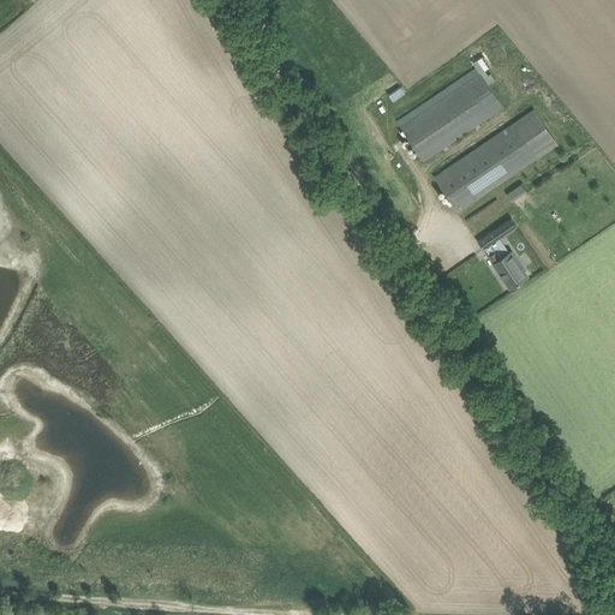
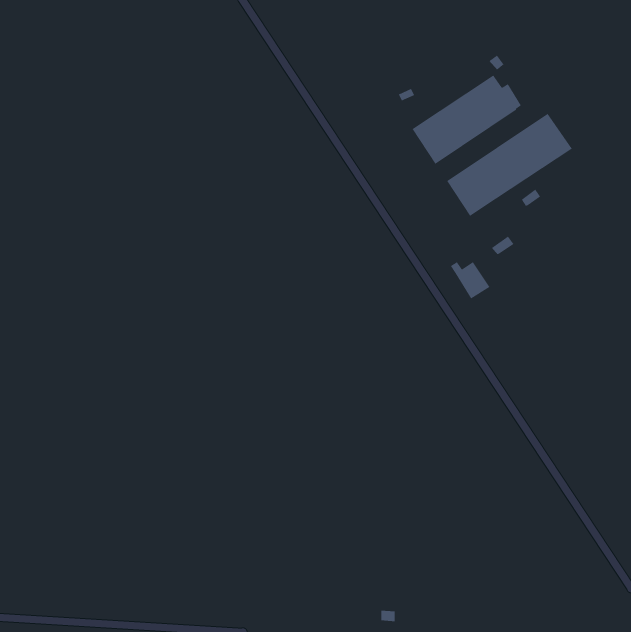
building: [486,250,526,287] -> [450,261,491,299]

